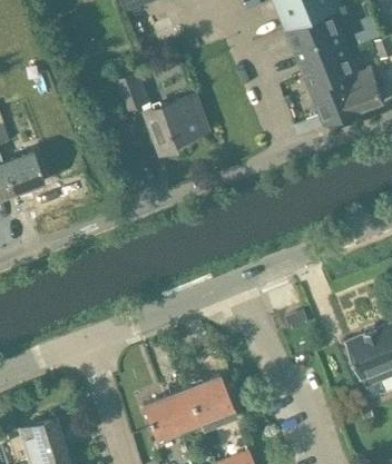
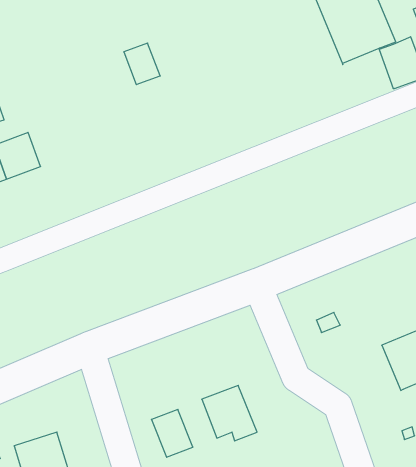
building: [311,78,355,126] -> none
building: [150,95,209,155] -> none
building: [165,388,199,431] -> none

